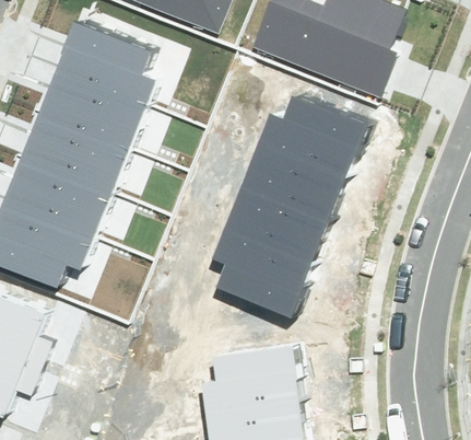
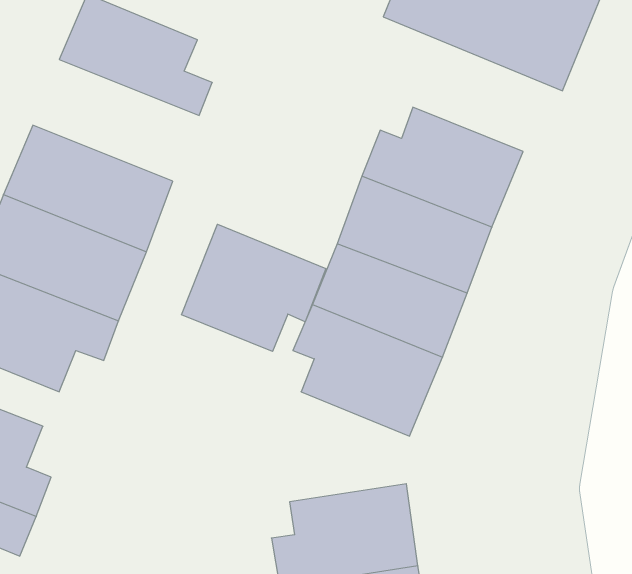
building: [39,66,150,147] -> none
building: none -> [181,224,326,351]

